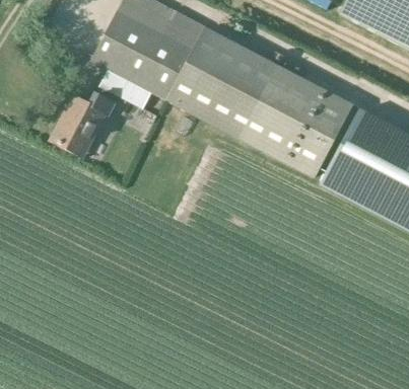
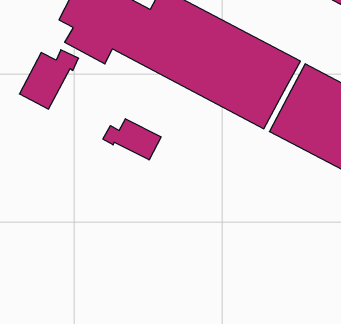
building: none -> [103,119,161,160]

